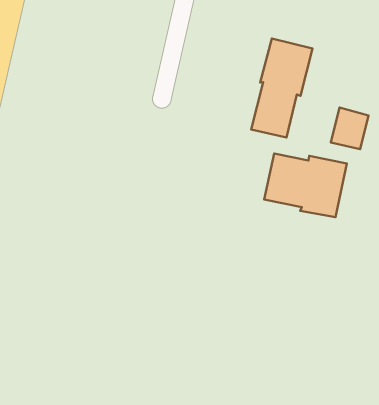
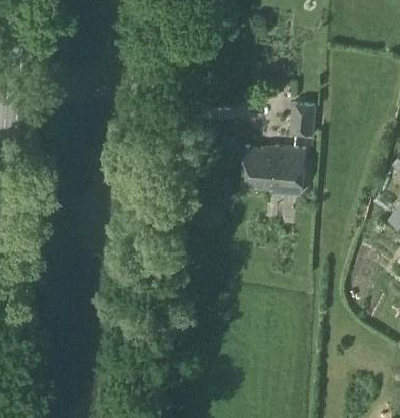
building: [251,39,312,137] -> none

